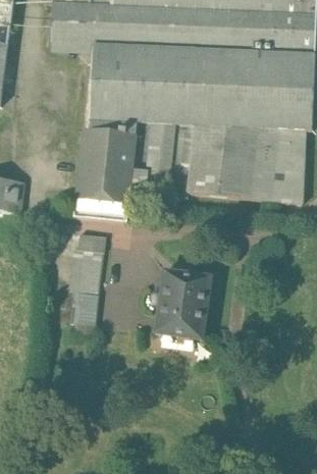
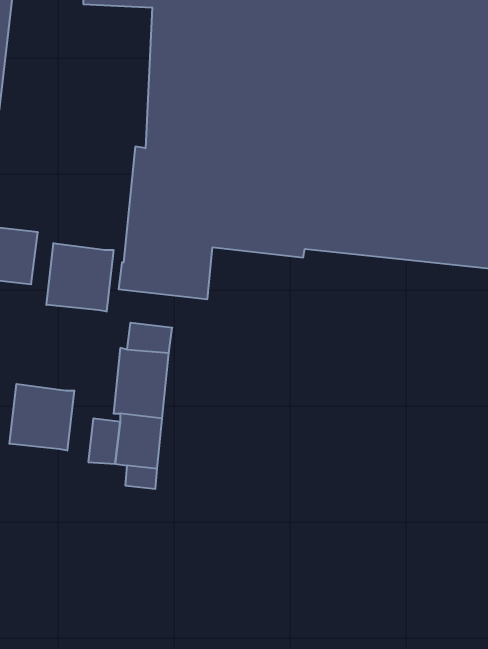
building: none -> [46,243,114,312]
building: [155,269,210,337] -> none
building: none -> [10,384,74,451]

